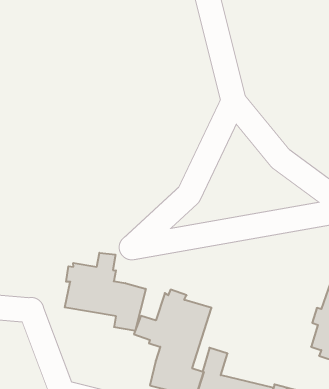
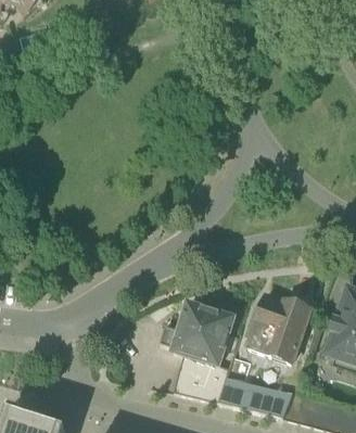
building: [65,253,146,331] -> none
building: none -> [246,295,309,362]

